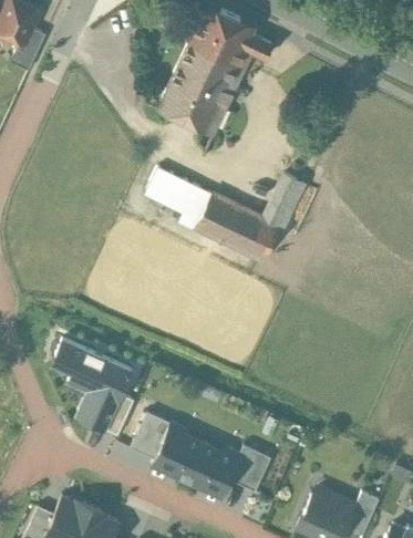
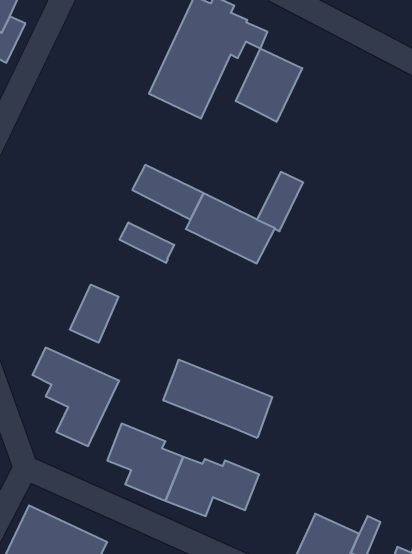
building: none -> [236,49,302,122]
building: none -> [120,222,174,263]
building: none -> [70,285,119,343]
building: none -> [163,360,272,438]

